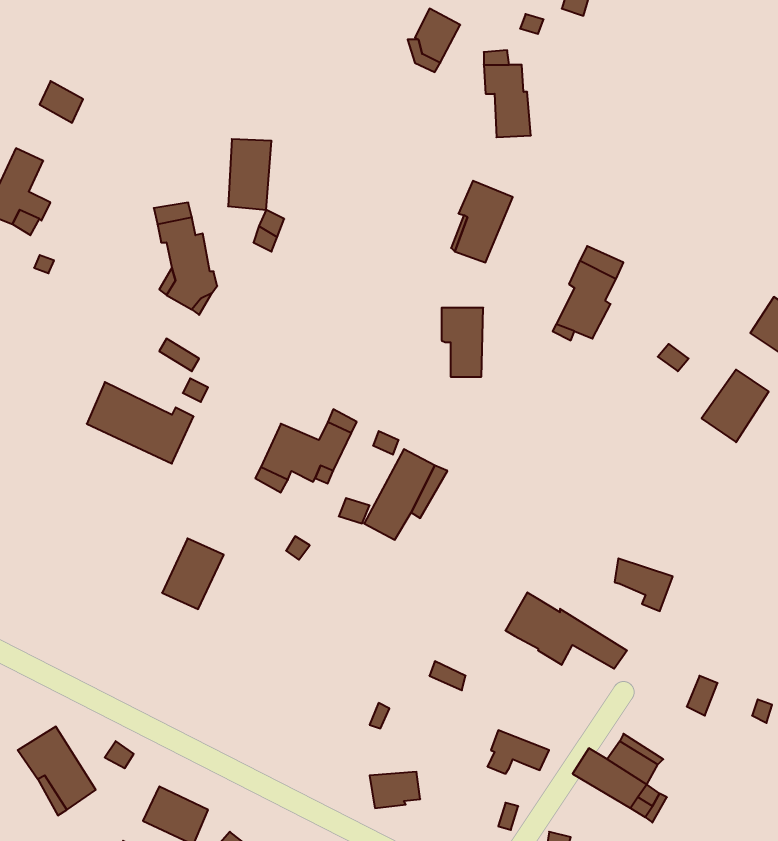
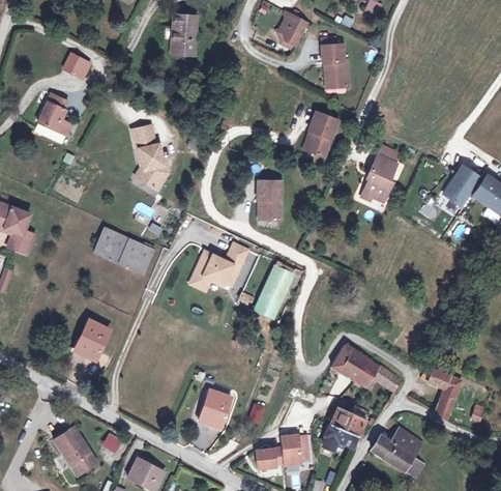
building: [228,139,272,210] -> [170,15,195,55]
building: [442,308,483,377] -> [257,180,281,220]
building: [702,370,769,442] -> [442,169,480,210]
building: [162,538,224,609] -> [73,316,109,356]
building: [615,558,673,611] -> [428,369,461,399]
building: none -> [201,391,233,430]
building: none -> [328,409,364,437]
building: none -> [281,436,308,467]

